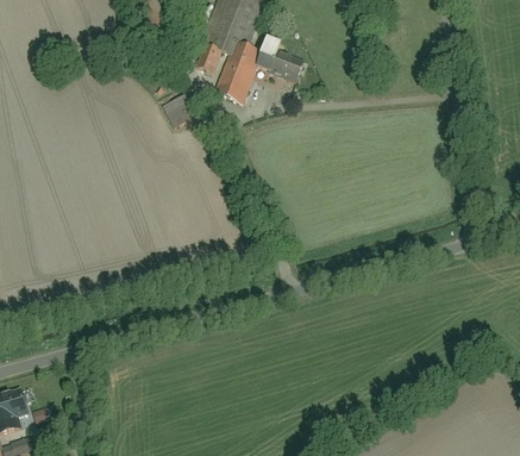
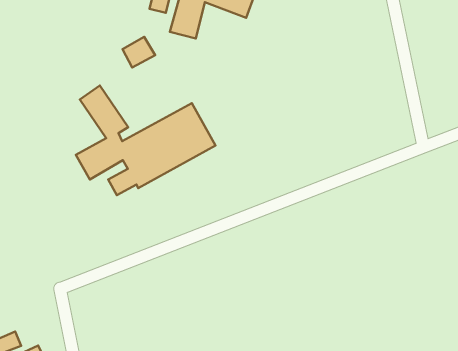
building: none -> [76,85,216,195]

